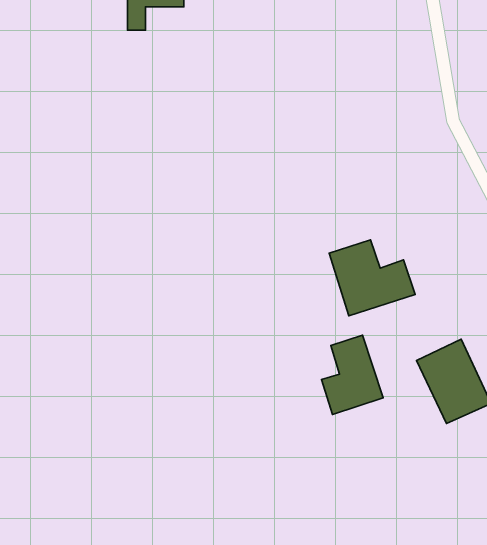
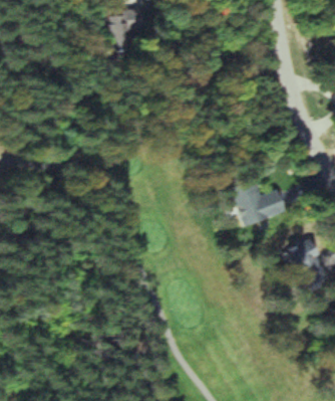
building: [321,335,383,414] -> none

